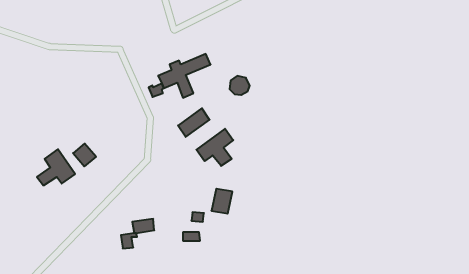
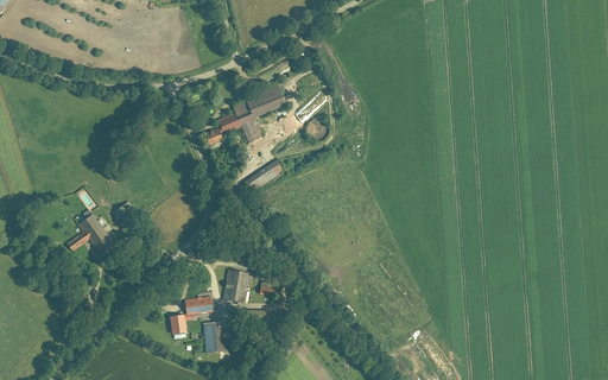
building: [196,129,233,166] -> none
building: [211,189,232,214] -> [222,272,248,303]
building: none -> [203,321,227,353]

